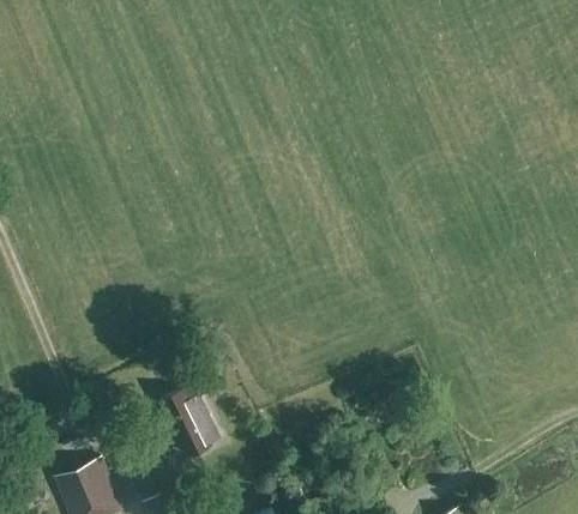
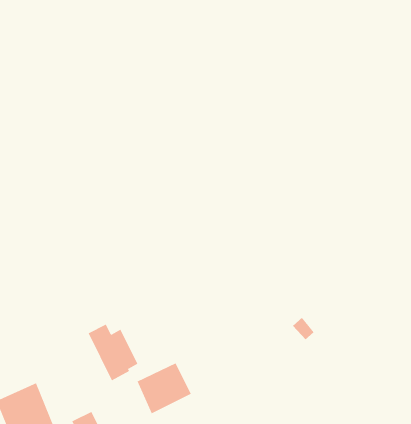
building: none -> [137,362,192,414]

